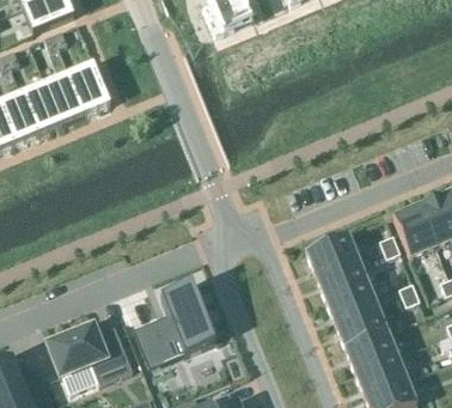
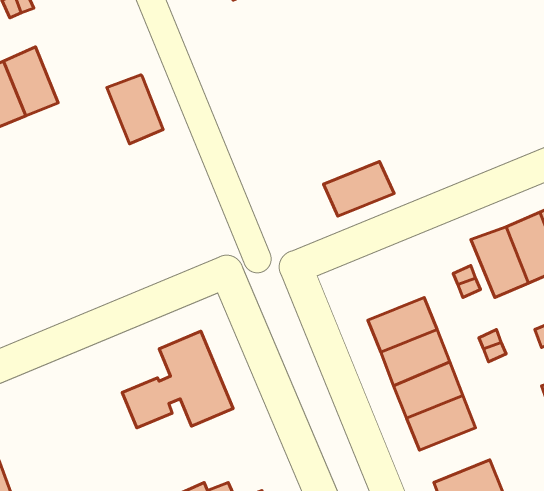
building: [68,62,110,114] -> [107,75,163,144]
building: [305,235,358,275] -> [323,161,394,216]
building: [47,324,132,392] -> none
building: [354,355,407,396] -> none

